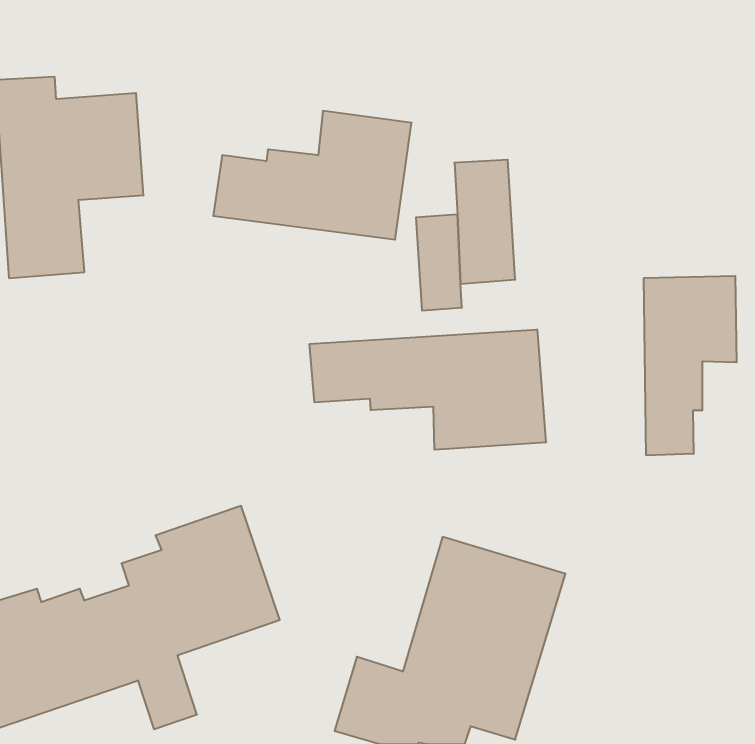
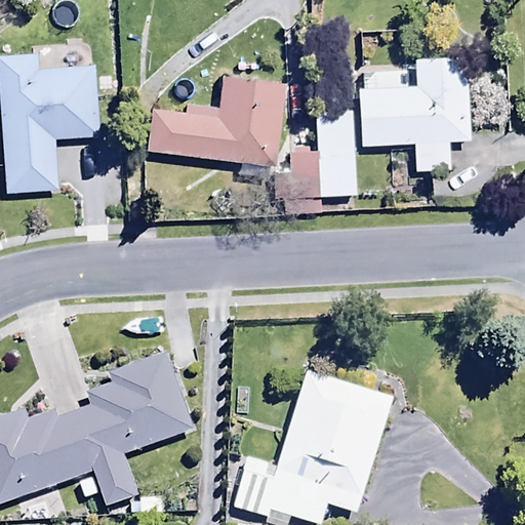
building: none -> [360,58,471,170]
building: [644,276,736,455] -> none
building: [310,329,546,450] -> none

